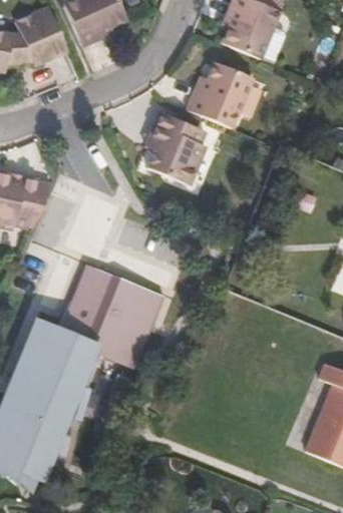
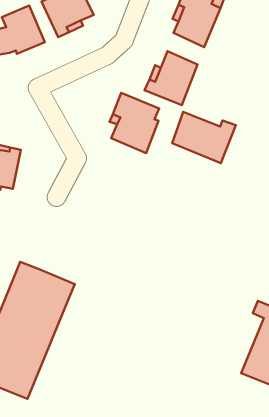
building: none -> [172,112,236,163]
building: [59,260,173,374] -> none

